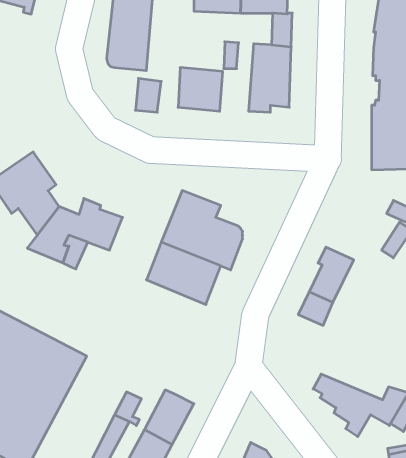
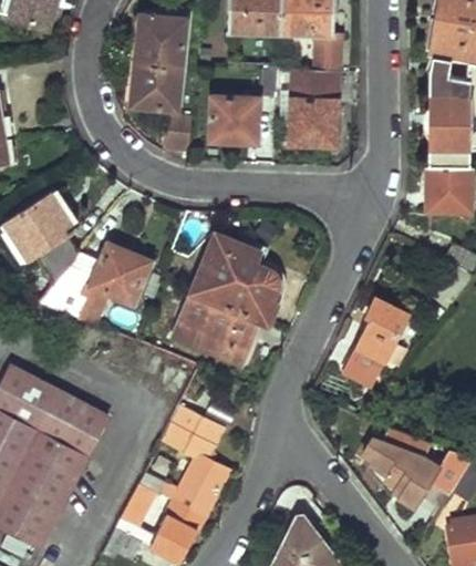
building: none -> [163,407,221,460]

